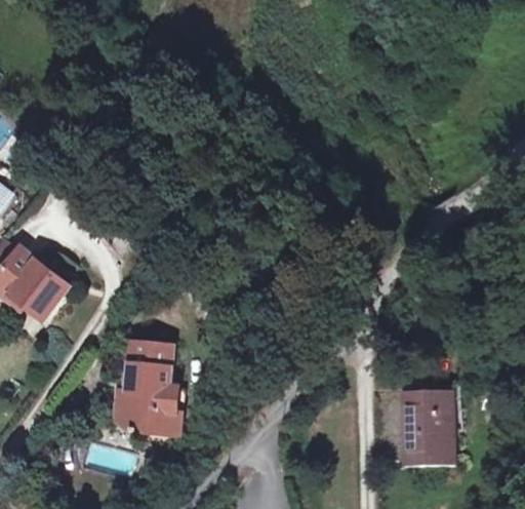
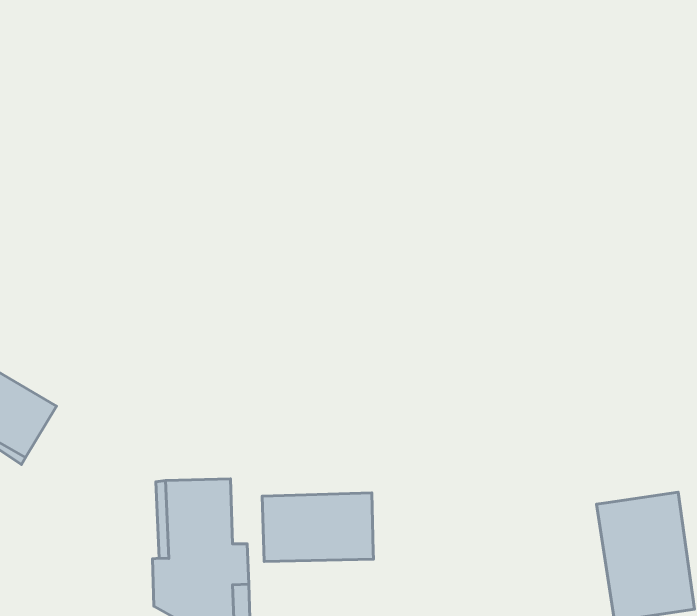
building: none -> [262,493,374,561]

